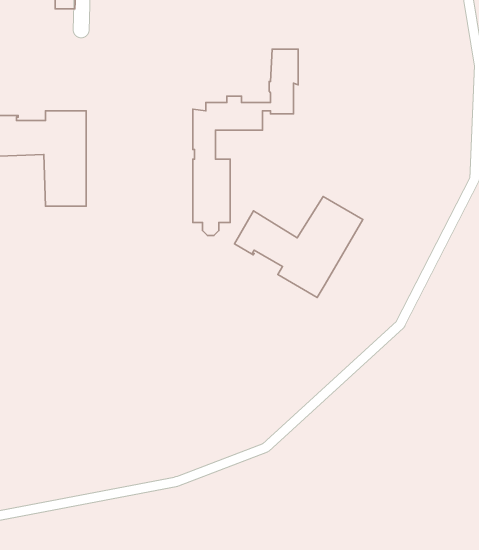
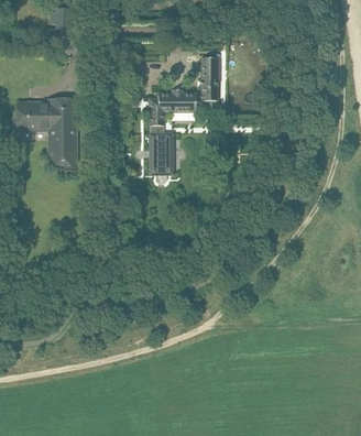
building: [234,197,363,298] -> none

